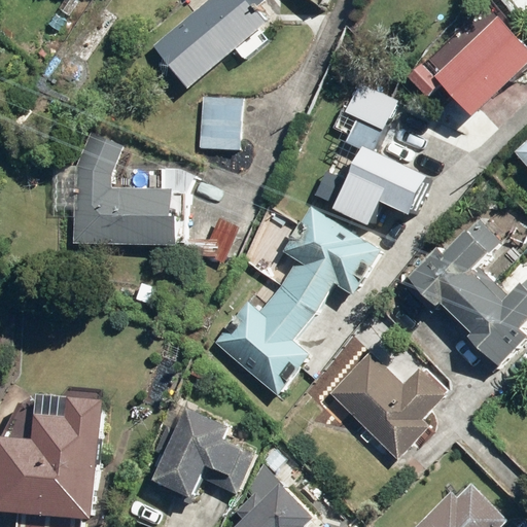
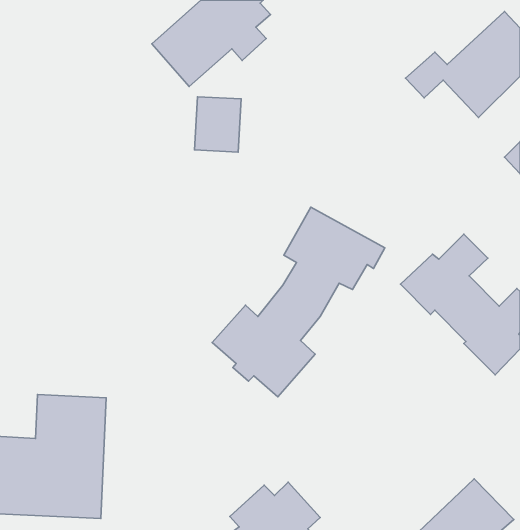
building: [338,113,432,222] -> none
building: [47,131,236,265] -> none
building: [328,350,449,460] -> none
building: [157,406,254,496] -> none

